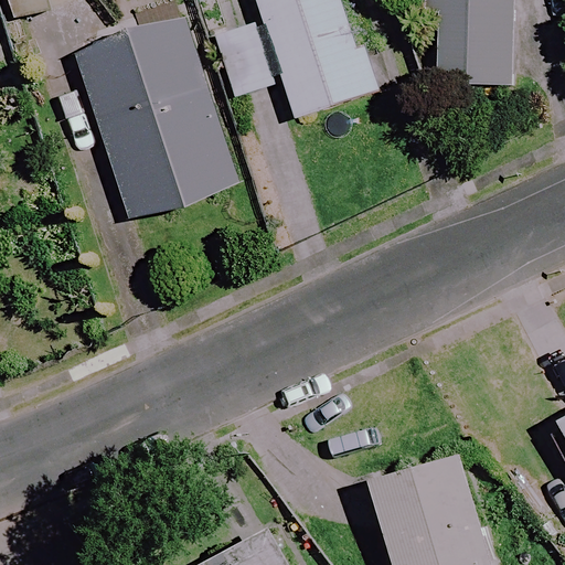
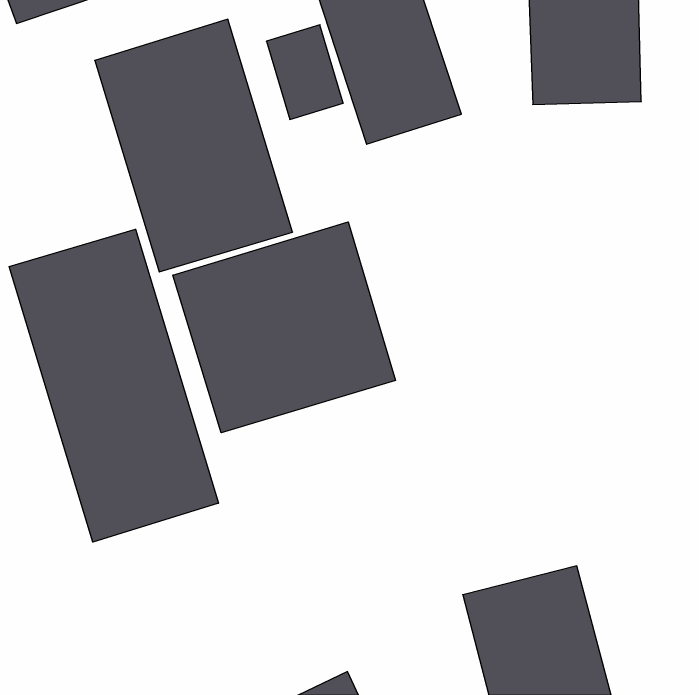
building: none -> [173,222,395,433]
building: none -> [9,229,218,542]

